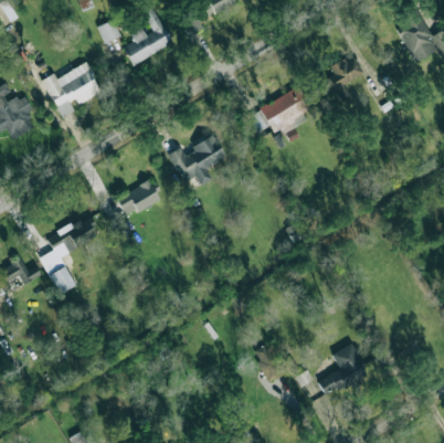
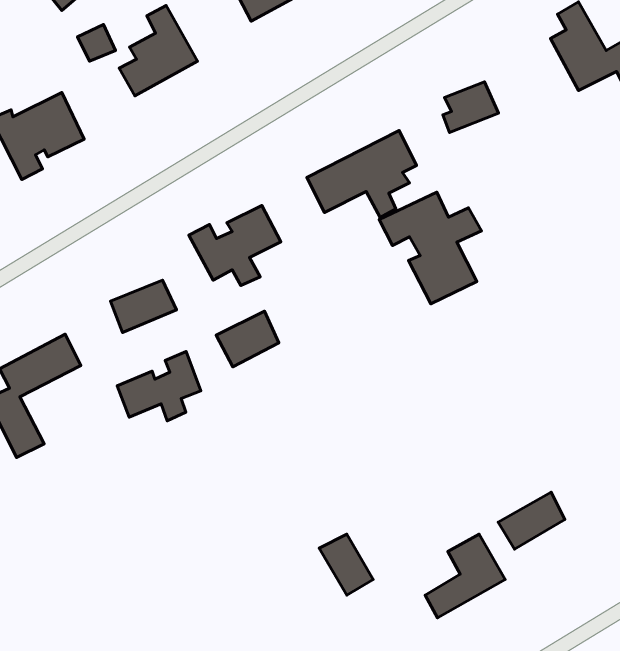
building: none -> [379,192,481,304]
building: none -> [216,311,279,367]
building: none -> [117,351,201,421]
building: none -> [498,492,565,549]

